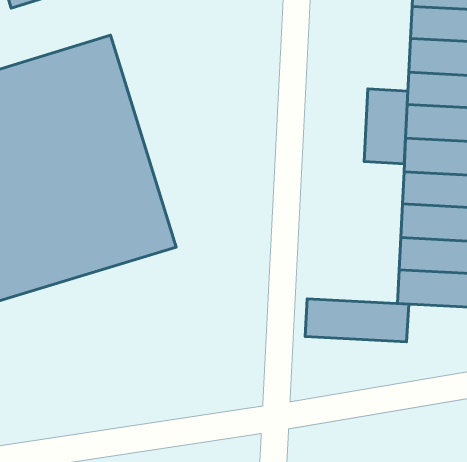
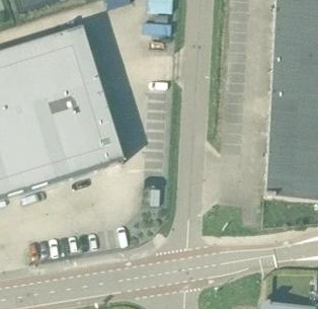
building: [364,89,408,164] -> none
building: [305,299,409,342] -> none

